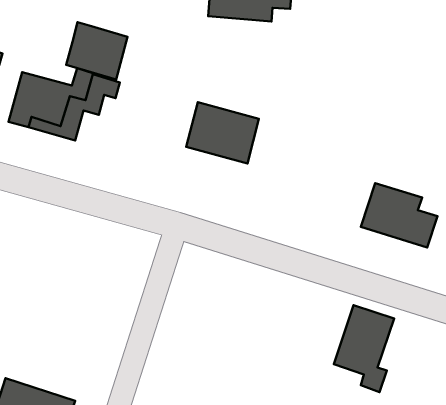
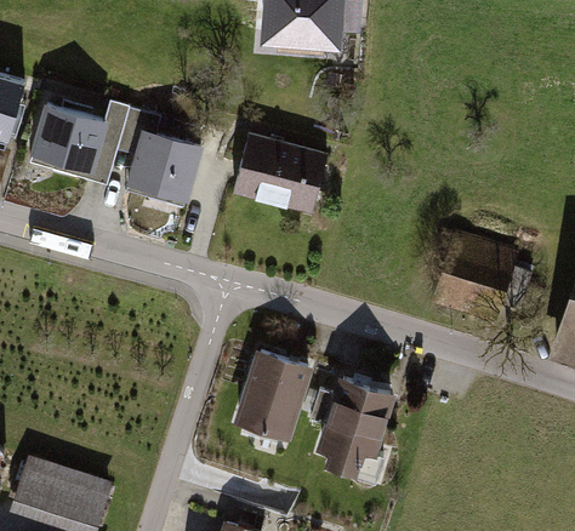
building: [66,22,127,79] -> [129,131,200,198]
building: none -> [239,352,307,436]
building: [334,305,394,392] -> [321,378,392,480]

